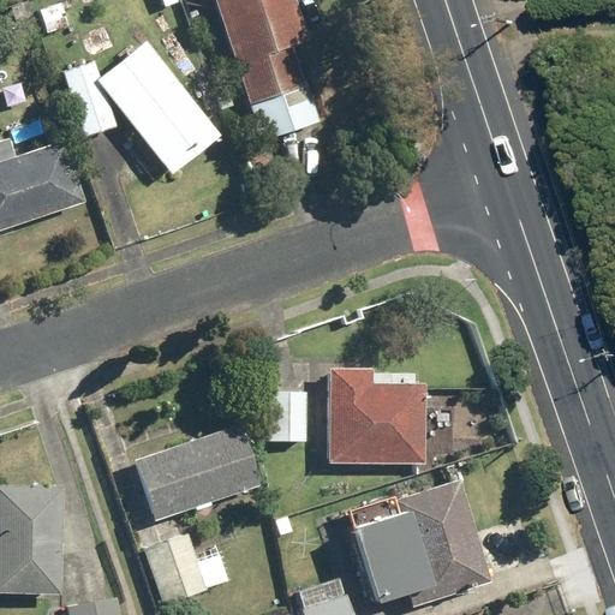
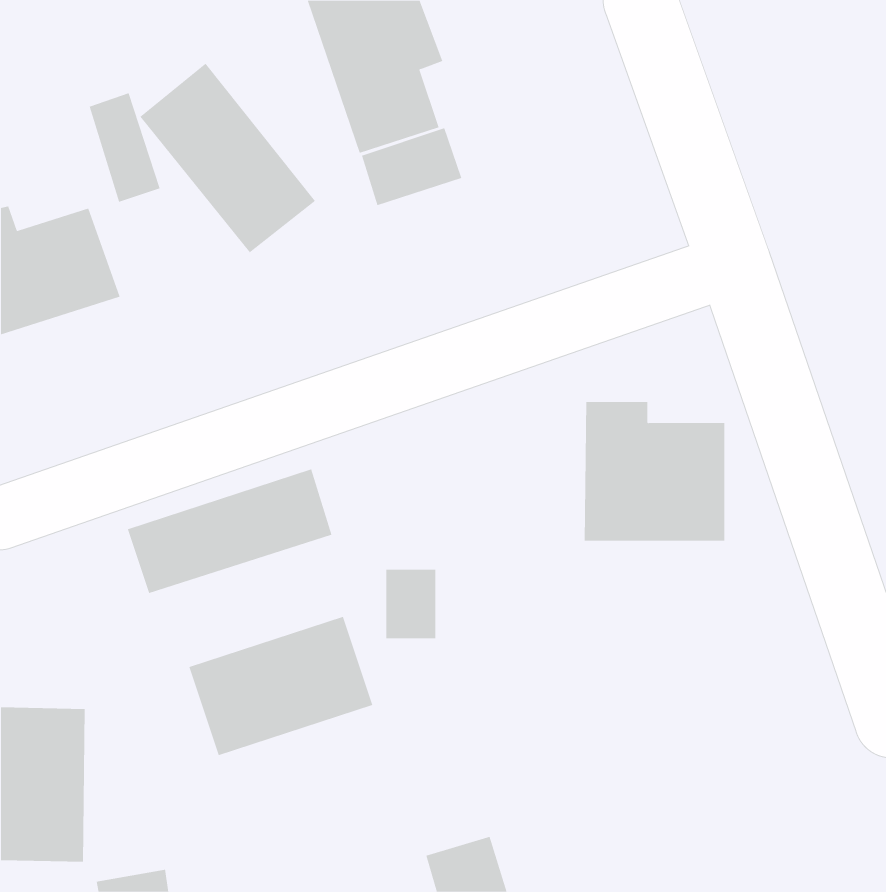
building: none -> [127,469,332,594]
building: [327,368,424,464] -> [584,402,725,541]
building: [344,476,491,604] -> none
building: [144,535,228,604] -> none

